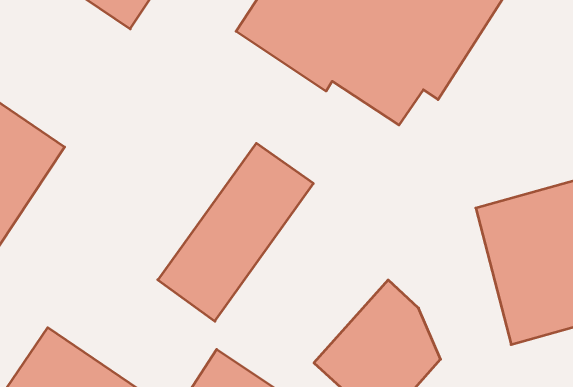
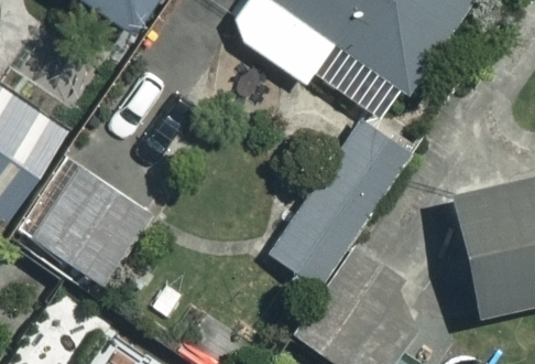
building: [158,143,313,321] -> [268,129,408,290]
building: none -> [29,161,153,285]

